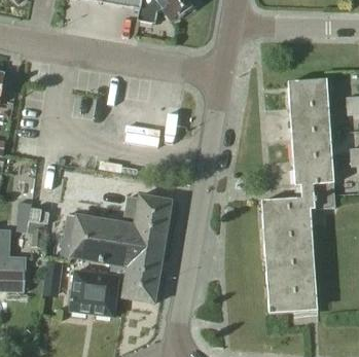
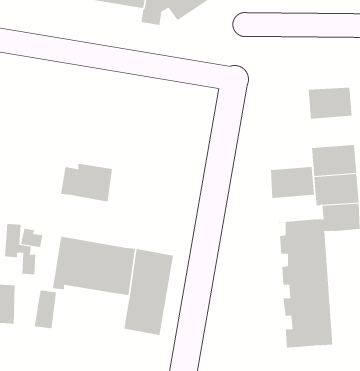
building: [289,105,329,134] -> [270,166,315,198]
building: [123,195,171,230] -> [60,163,113,202]
building: [68,264,127,317] -> none

